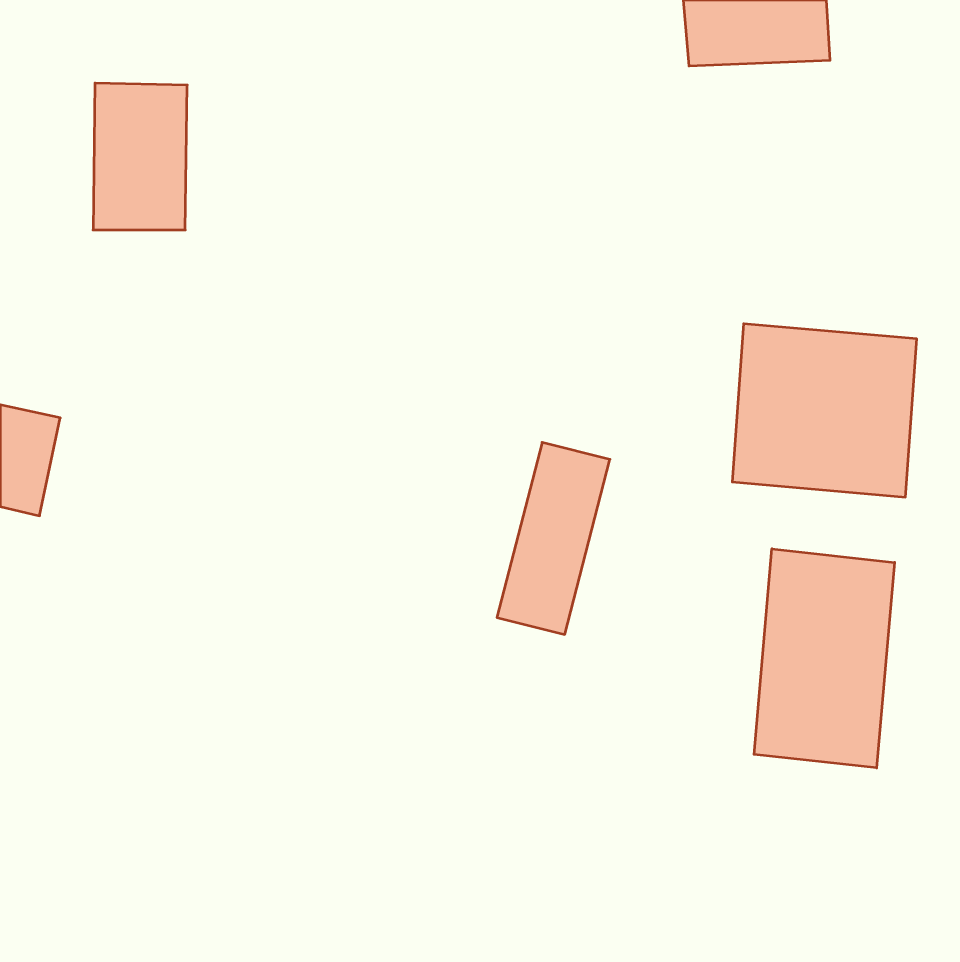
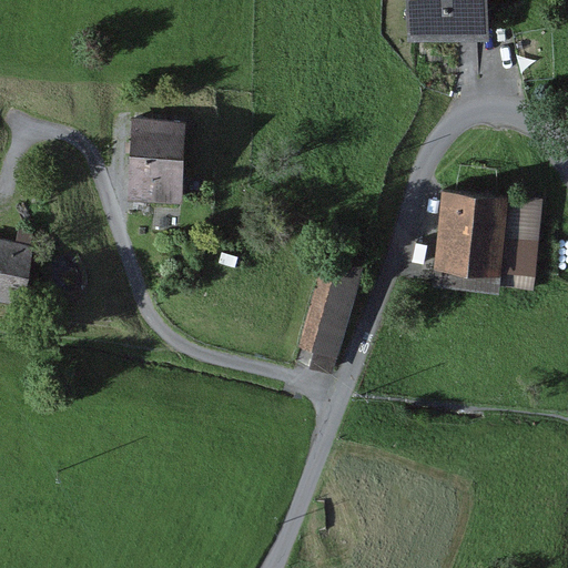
building: [93,83,187,230] -> [128,116,183,203]
building: [754,549,895,768] -> none

